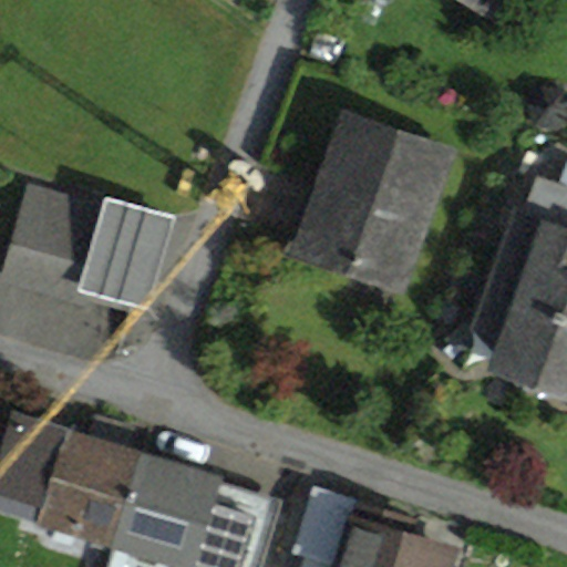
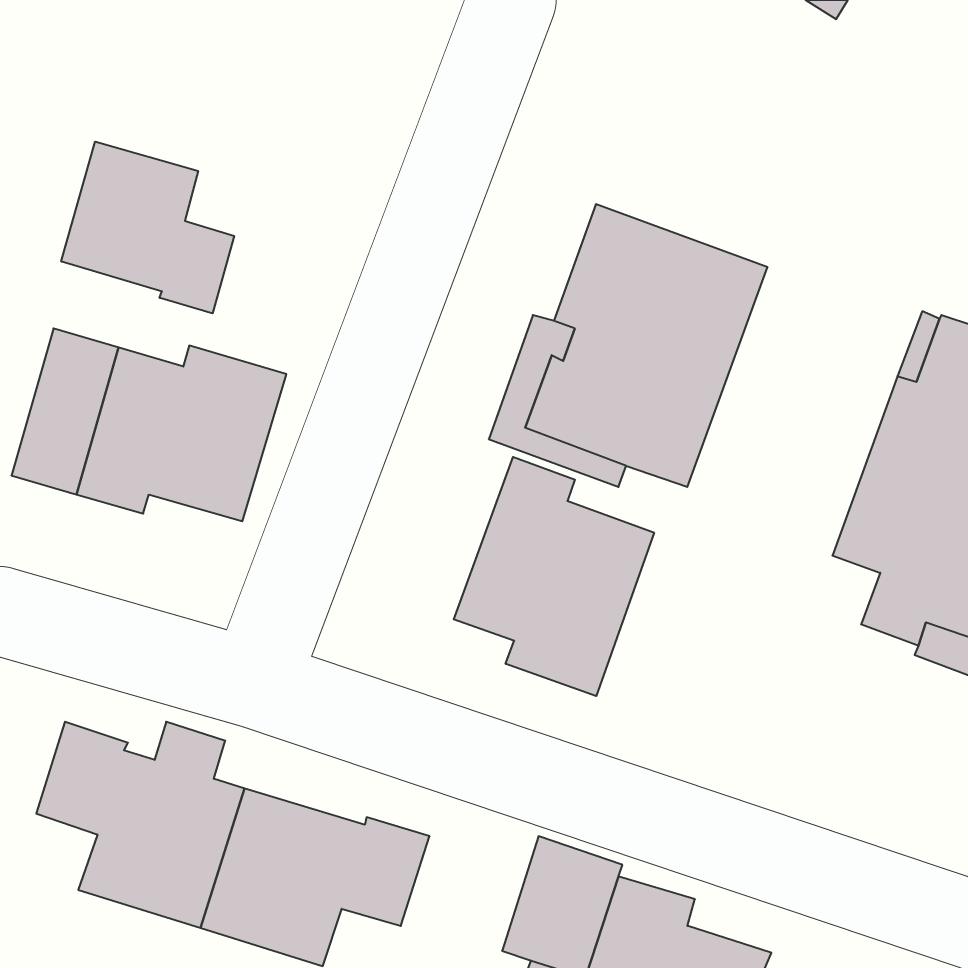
building: none -> [61,142,234,313]
building: none -> [454,457,654,696]

